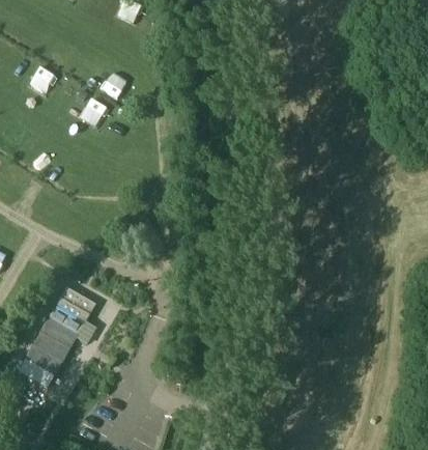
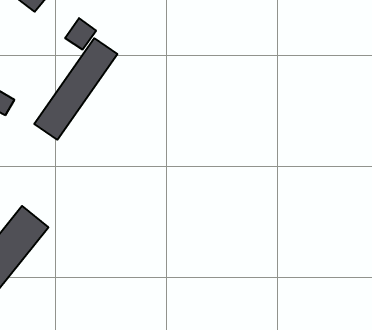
building: none -> [34,38,117,140]

